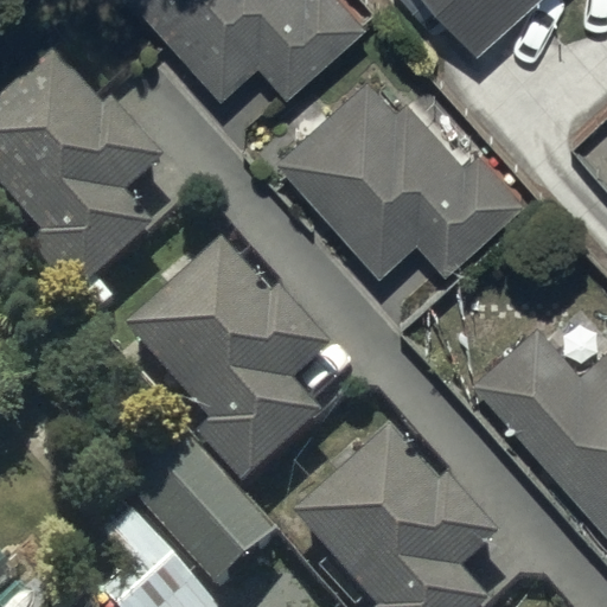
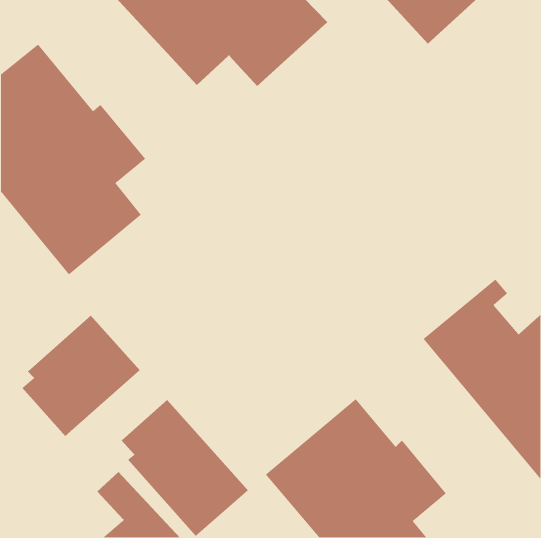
building: [280,83,526,276] -> none
building: [132,257,338,500] -> none
building: none -> [21,315,140,437]

